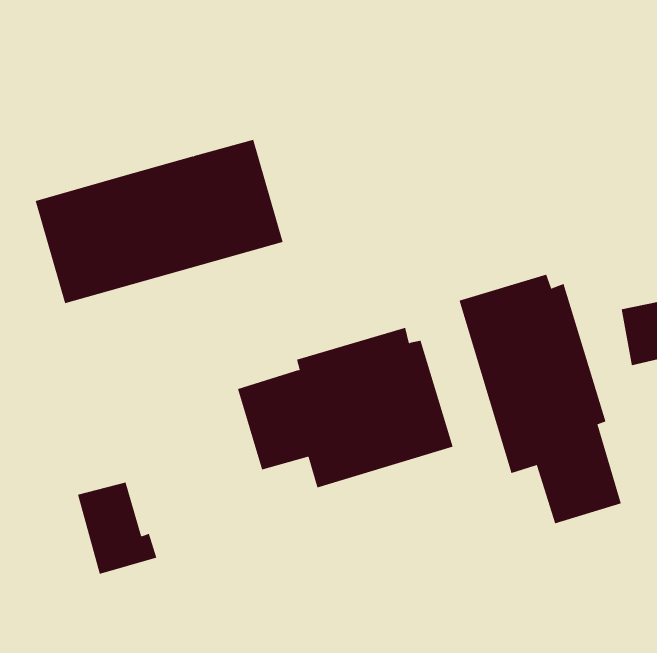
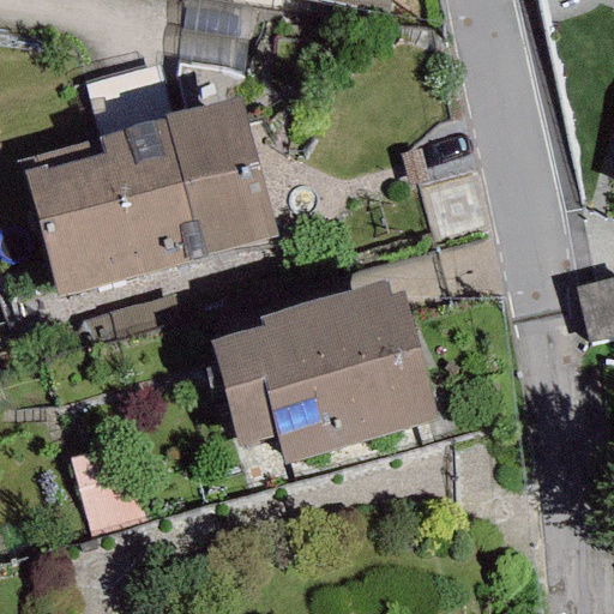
building: none -> [89,72,181,164]
building: [459,274,621,524] -> none

